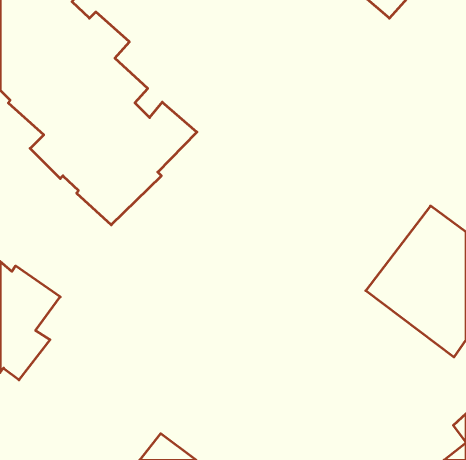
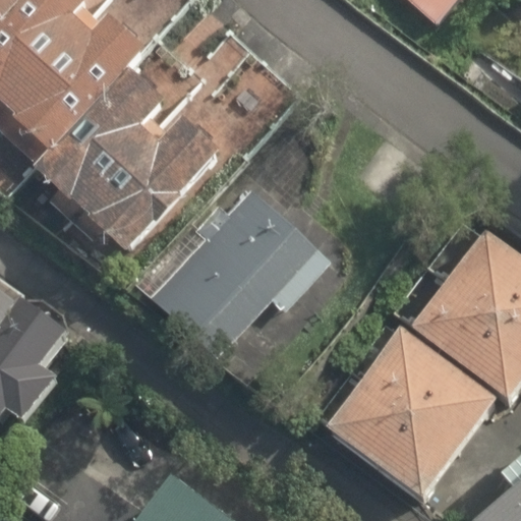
building: none -> [155,187,330,354]
building: none -> [322,329,493,498]

